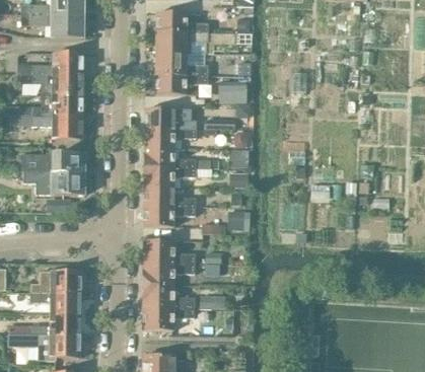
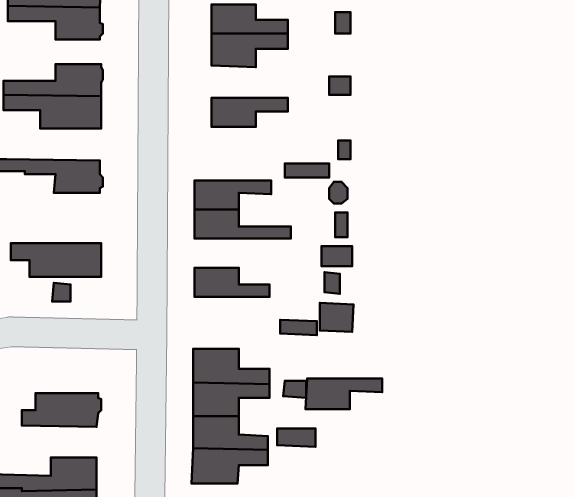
building: [156,55,207,76] -> none
building: [220,76,250,102] -> none
building: [20,96,83,118] -> none
building: [145,109,196,131] -> none
building: [21,154,84,172] -> none
building: [145,169,196,189] -> none
building: [144,208,195,228] -> [306,378,382,409]
building: [30,293,80,314] -> none

